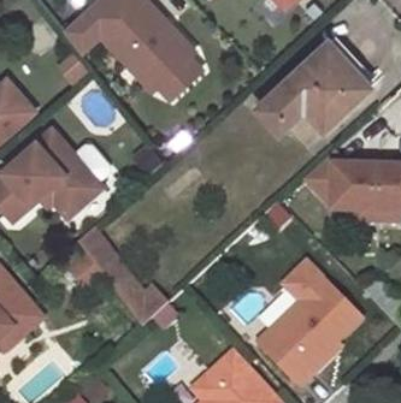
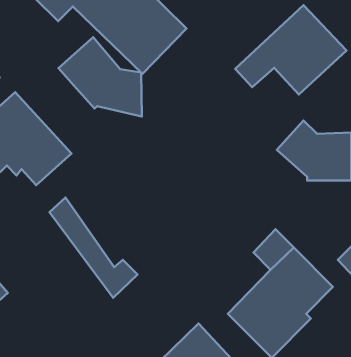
building: none -> [58,37,142,116]

